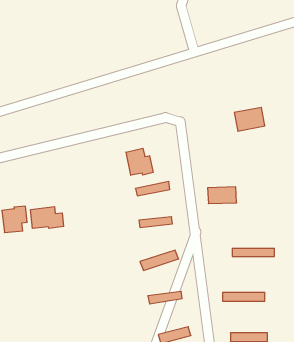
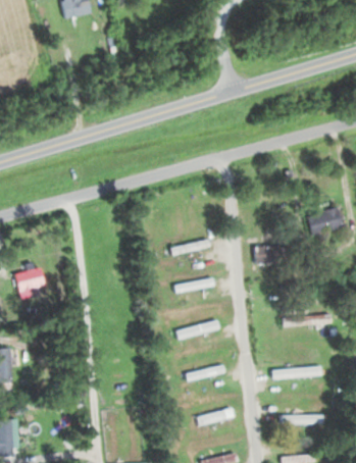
building: [234,107,265,131] -> [305,207,341,235]
building: [126,148,153,175] -> none
building: [31,207,64,228] -> none

